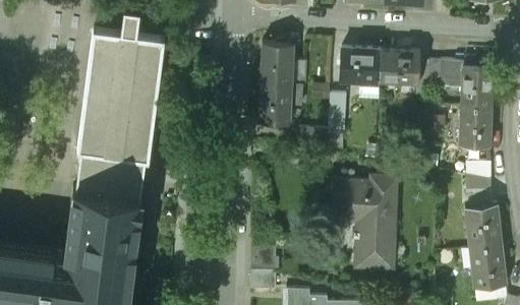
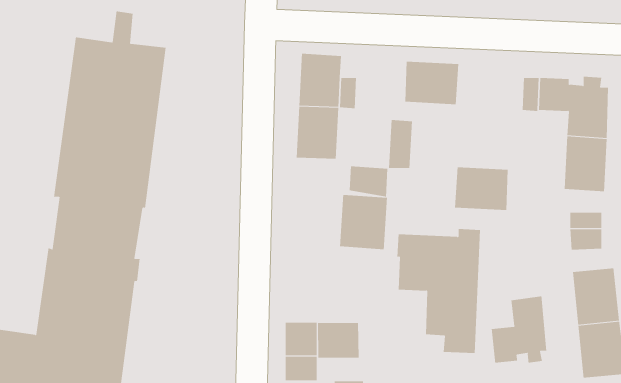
building: [379,50,419,82] -> [454,167,508,210]
building: none -> [340,194,387,250]
building: none -> [491,296,547,364]
building: none -> [317,322,359,359]

